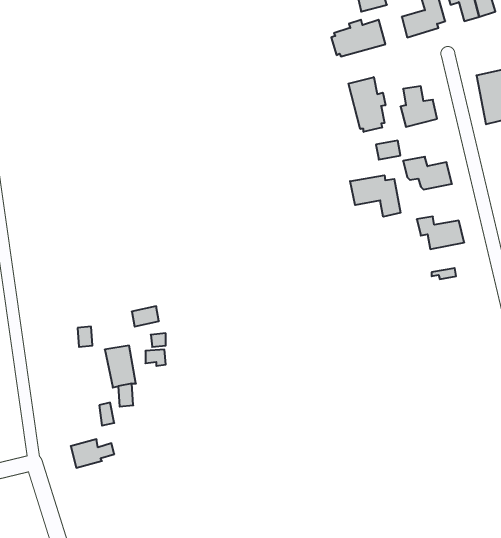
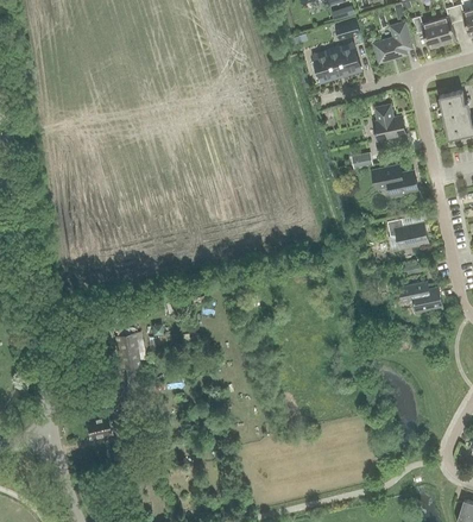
building: [348,77,385,132] -> none
building: [350,175,401,217] -> none
building: none -> [399,279,442,310]

